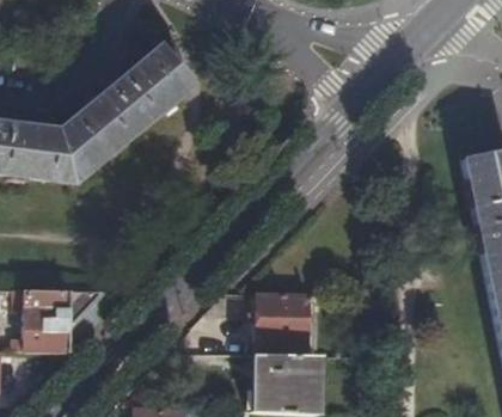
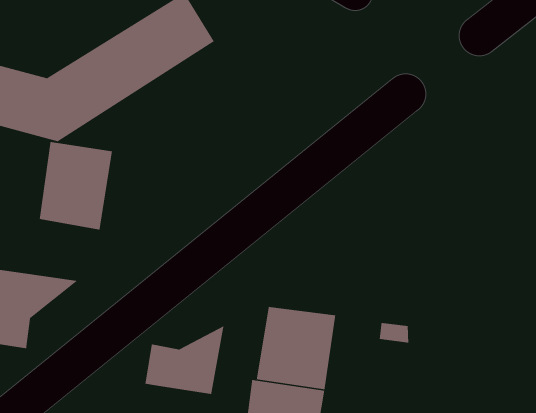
building: none -> [39,141,113,231]
building: none -> [144,325,225,395]

